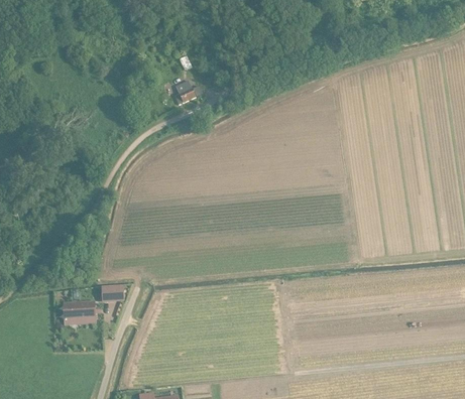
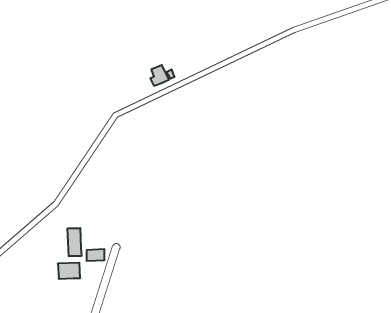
building: none -> [68,228,81,256]

